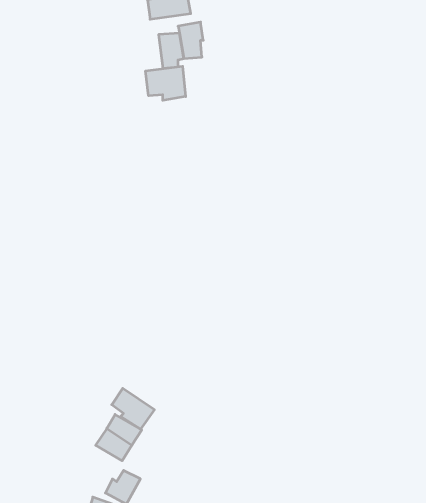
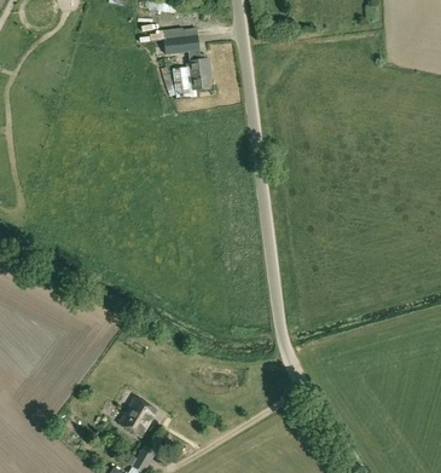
building: [146,66,186,100] -> none
building: [112,388,154,429] -> none

